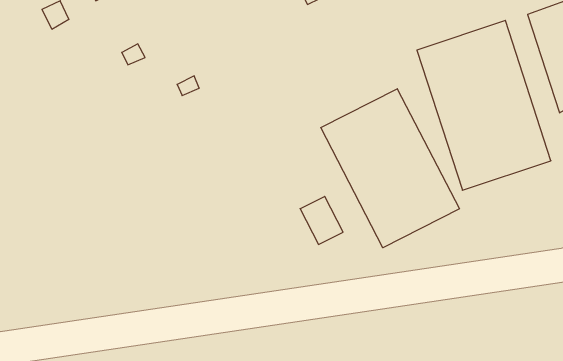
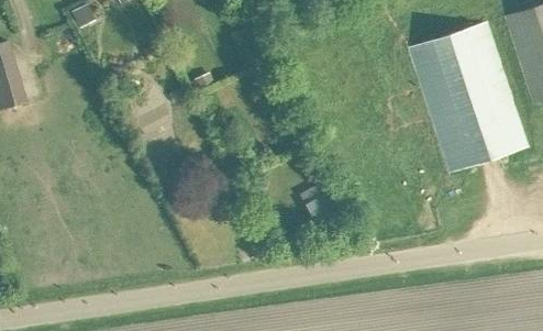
building: [321,89,459,248] -> none

